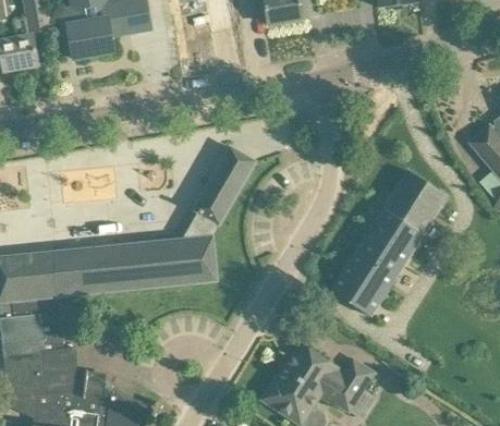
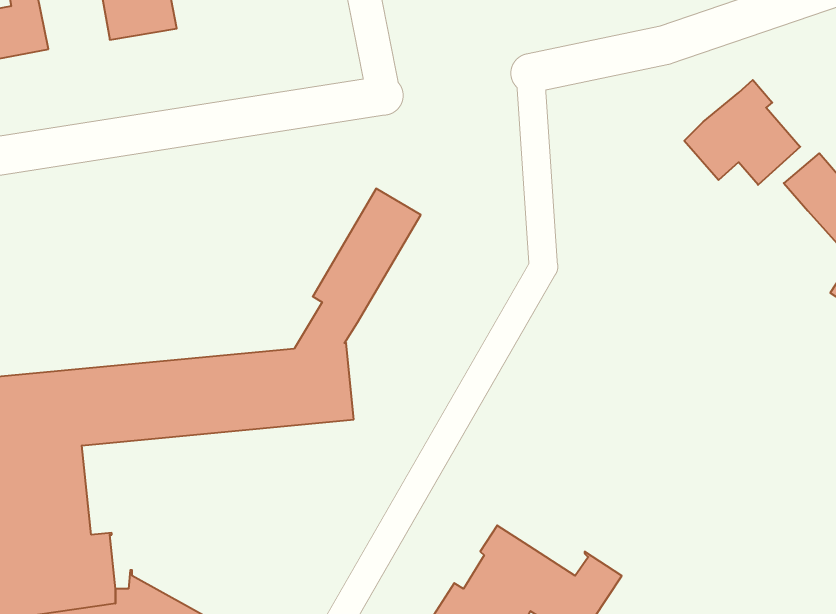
building: none -> [684,80,800,185]
building: [331,170,447,316] -> none

